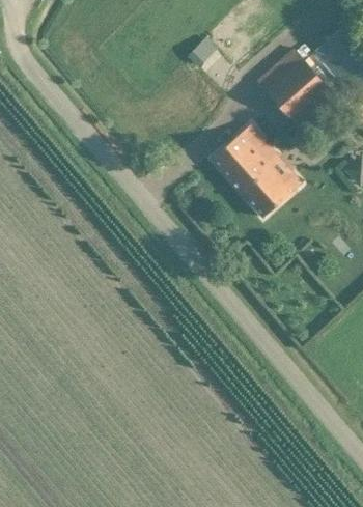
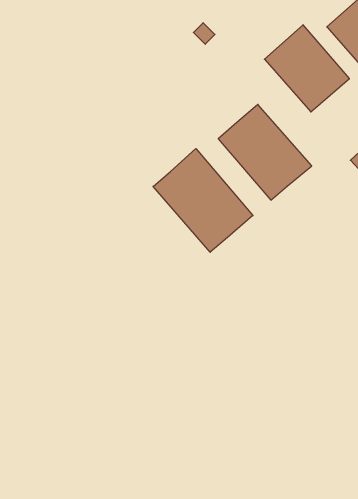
building: none -> [153,149,253,252]

